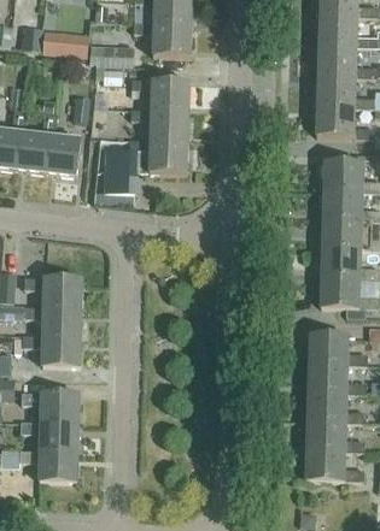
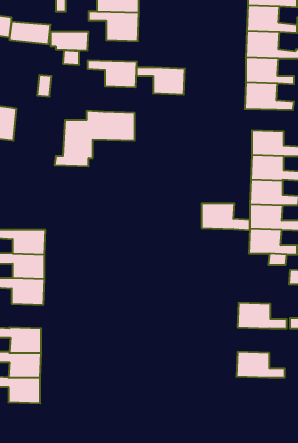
building: [131,110,188,141] -> [137,68,185,94]
building: [42,113,80,176] -> none
building: [309,335,366,366] -> [202,203,250,230]
building: [308,393,364,423] -> none
building: [306,450,363,480] -> none

